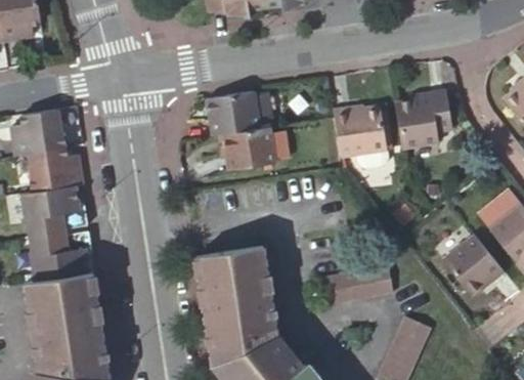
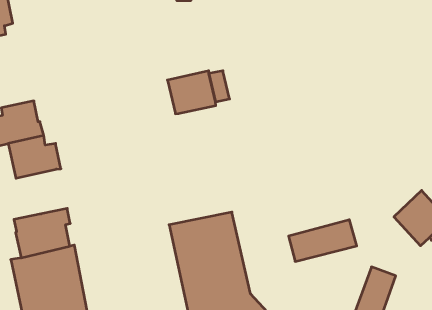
building: [393,90,449,150] -> none
building: [331,108,384,158] -> none
building: [214,128,272,171] -> none
building: [21,187,88,239] -> none

